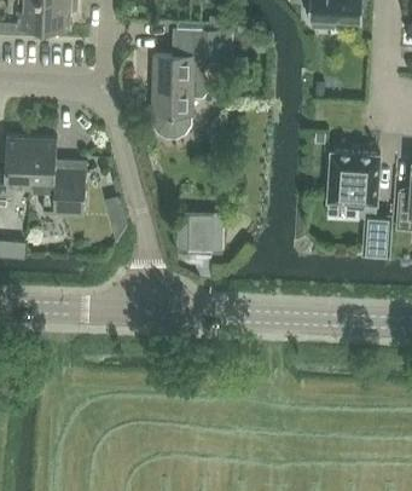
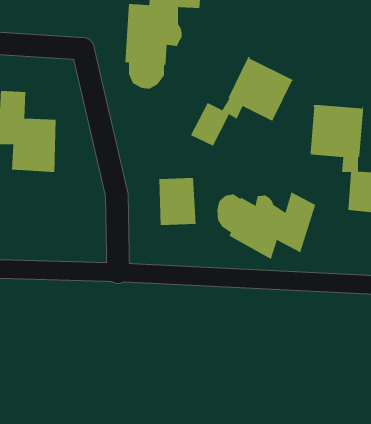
building: none -> [190,56,293,146]
building: none -> [217,191,316,260]

